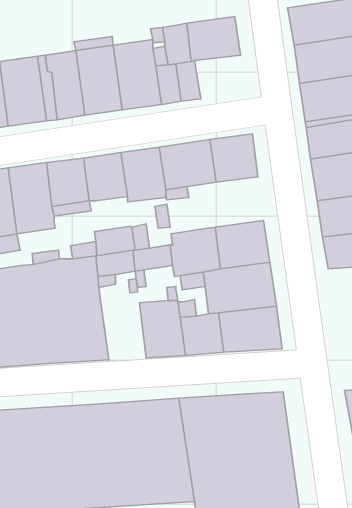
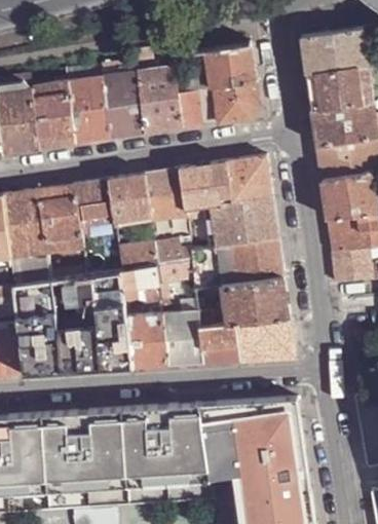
building: none -> [212,84,258,125]
building: none -> [212,198,276,248]
building: none -> [124,316,166,370]

